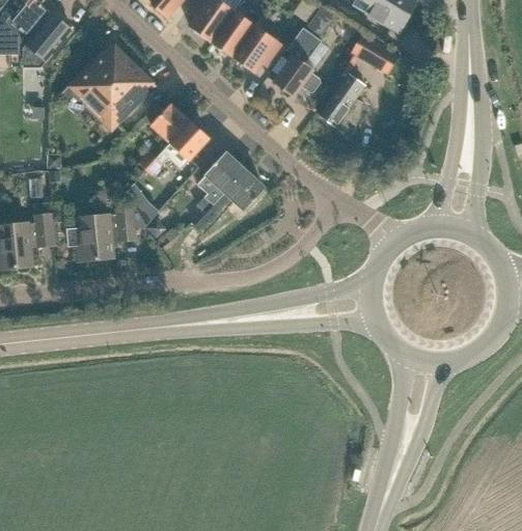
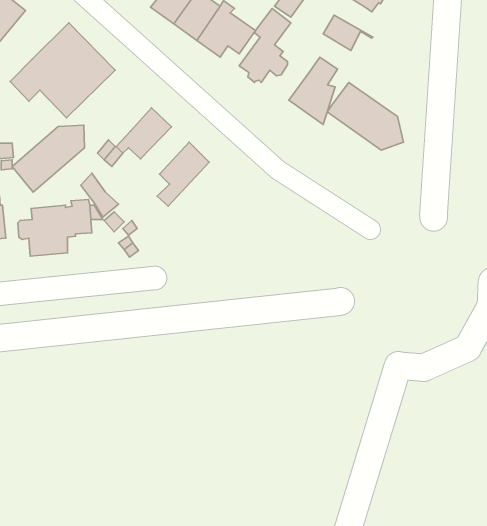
building: none -> [327,83,404,150]
building: [152,103,190,142] -> none
building: none -> [12,125,85,192]
building: [194,171,263,232] -> none

